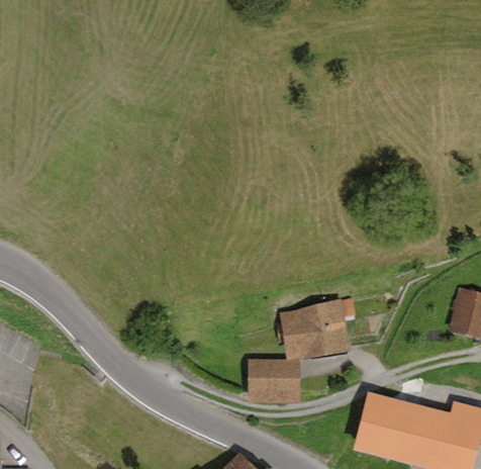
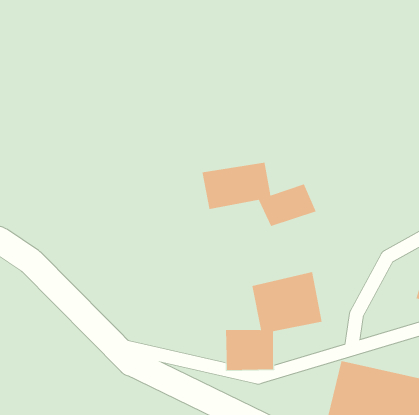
building: none -> [202,162,316,227]

